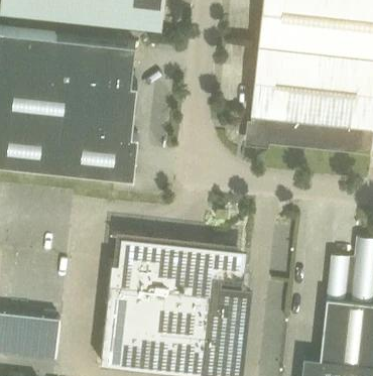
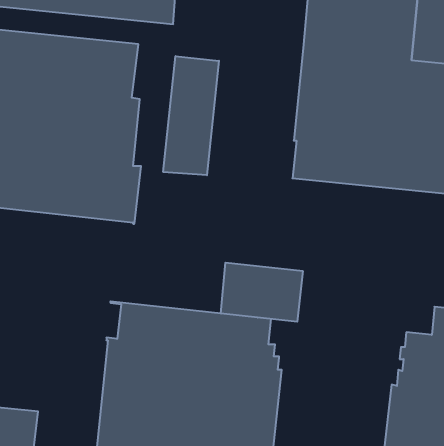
building: none -> [163,56,219,175]
building: none -> [221,263,303,322]

